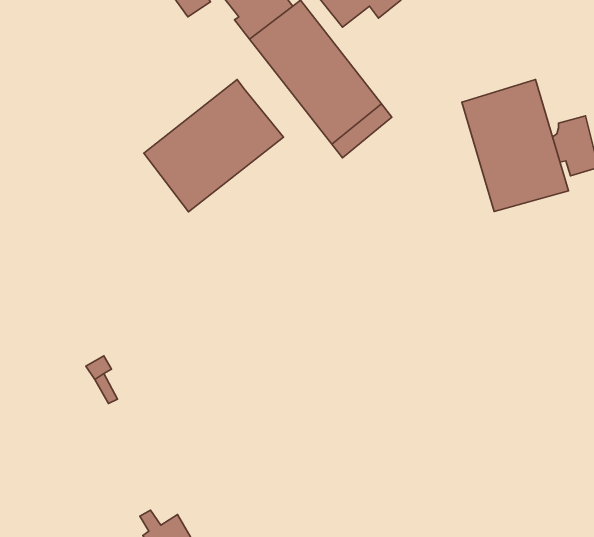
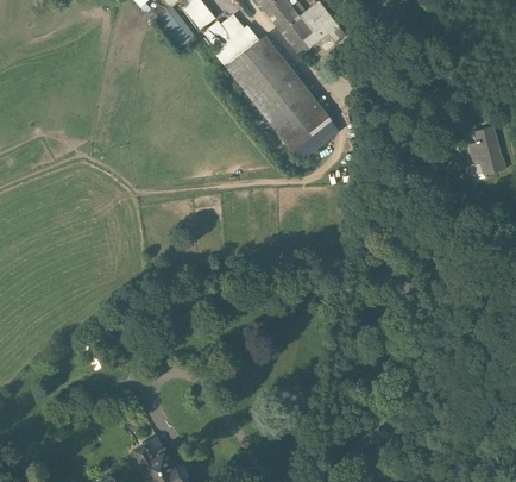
building: [462,80,568,211] -> none
building: [144,80,283,212] -> none

